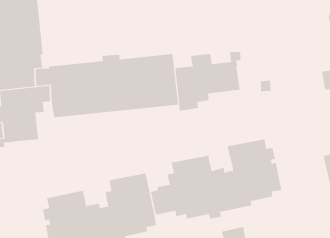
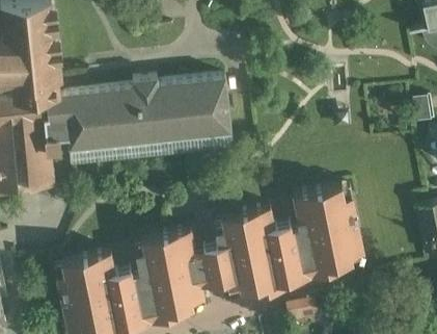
building: [175,51,241,111] -> none

